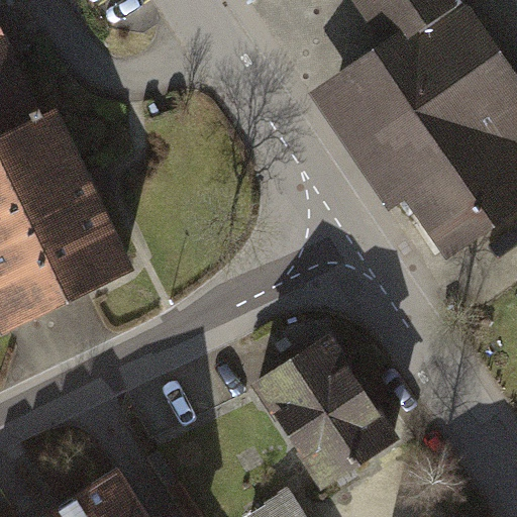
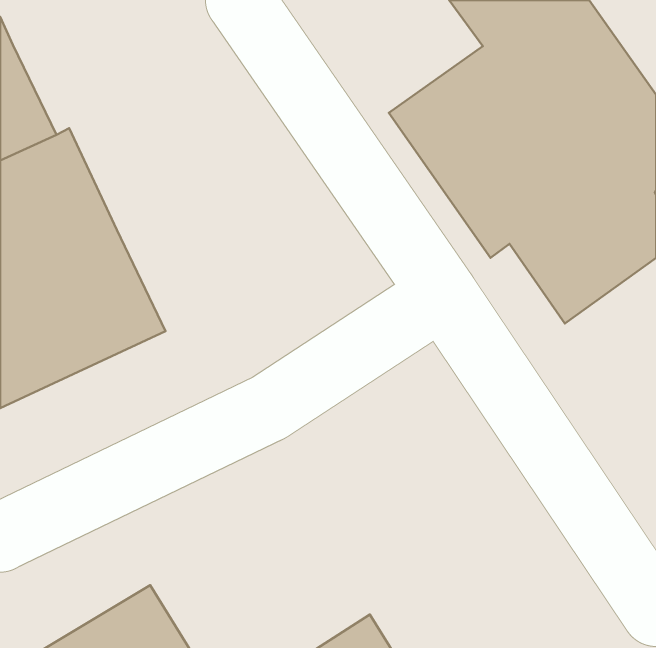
building: [254,332,400,487] -> none

